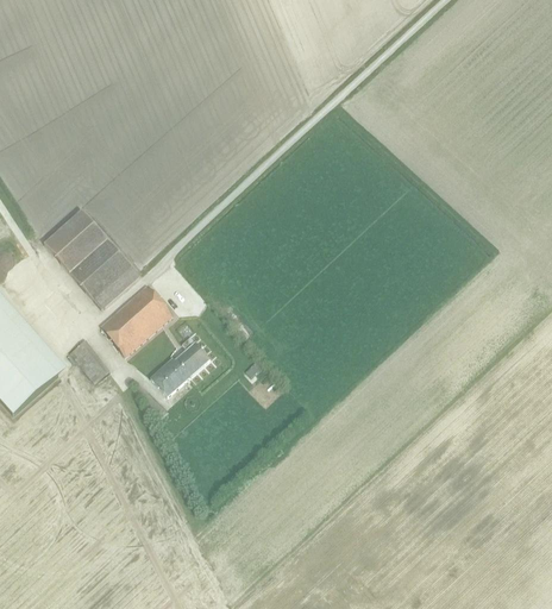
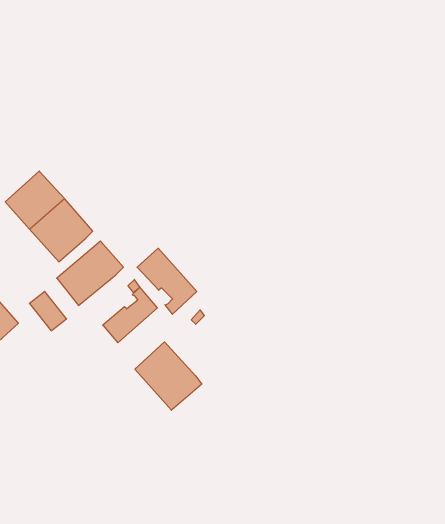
building: none -> [137,248,197,314]
building: none -> [135,342,202,410]

